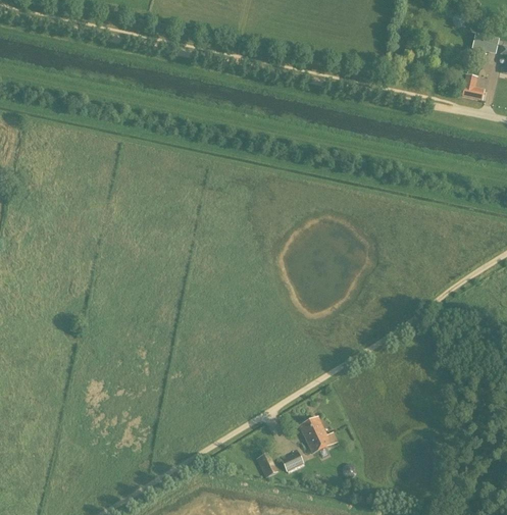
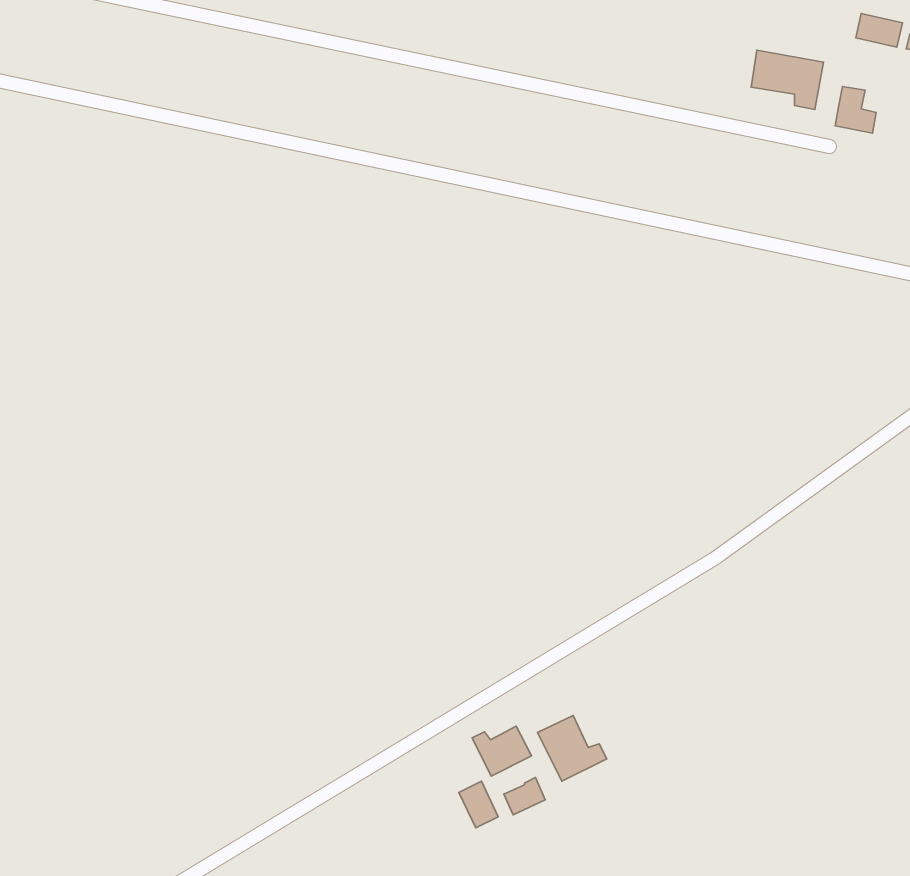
building: none -> [751,50,824,109]
building: none -> [472,726,532,776]

